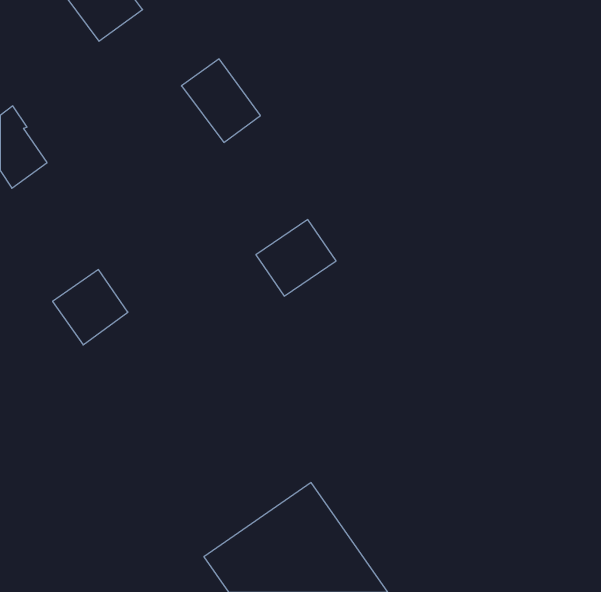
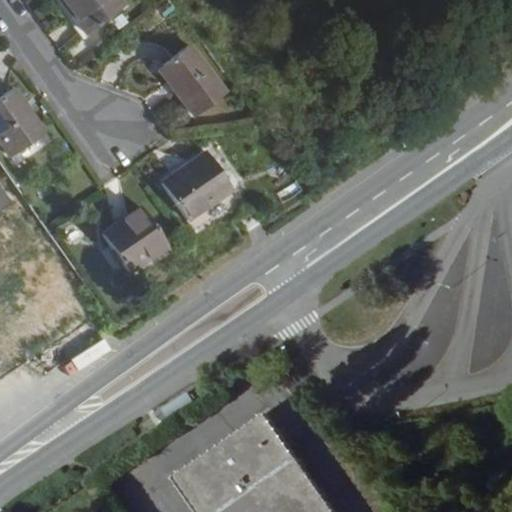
building: [256,220,336,296] -> [166,154,234,219]
building: [53,270,128,345] -> [106,209,170,273]

